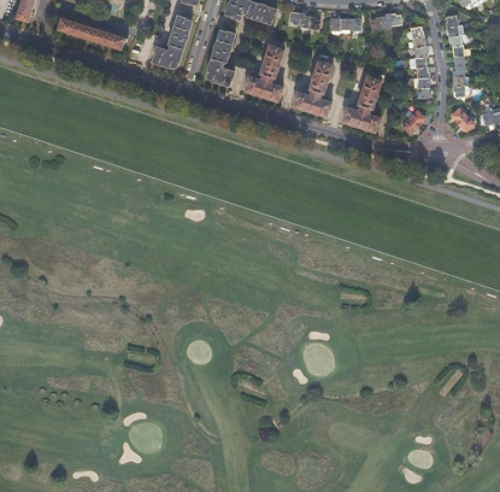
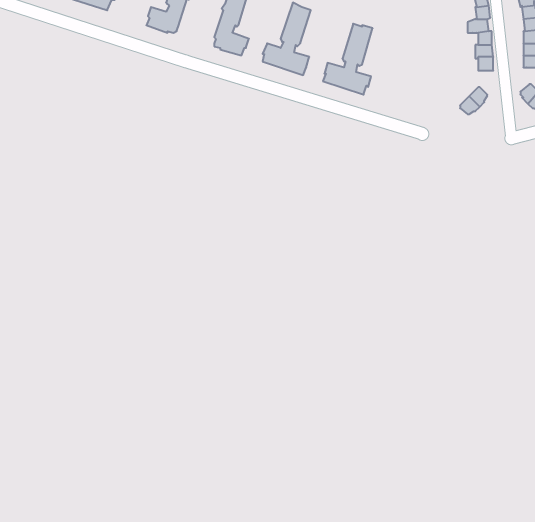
building: [342,75,381,133] -> none

